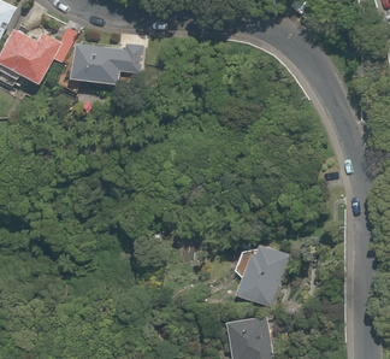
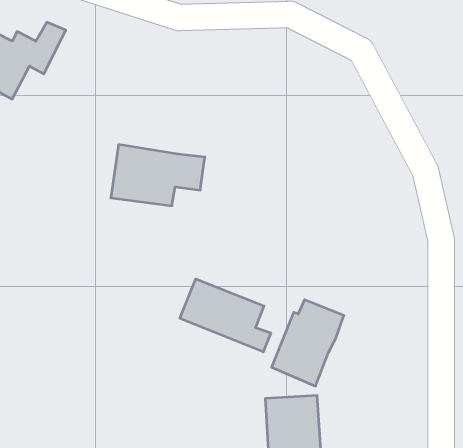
building: [70,37,142,84] -> [111,145,205,206]
building: none -> [180,279,271,352]

